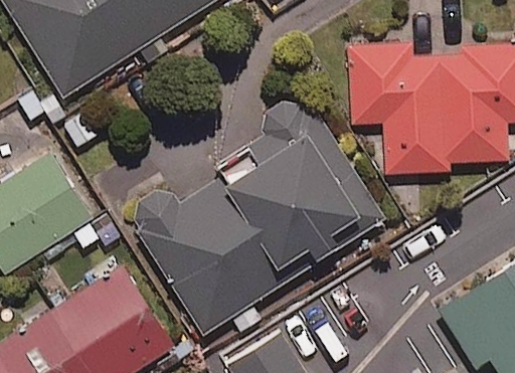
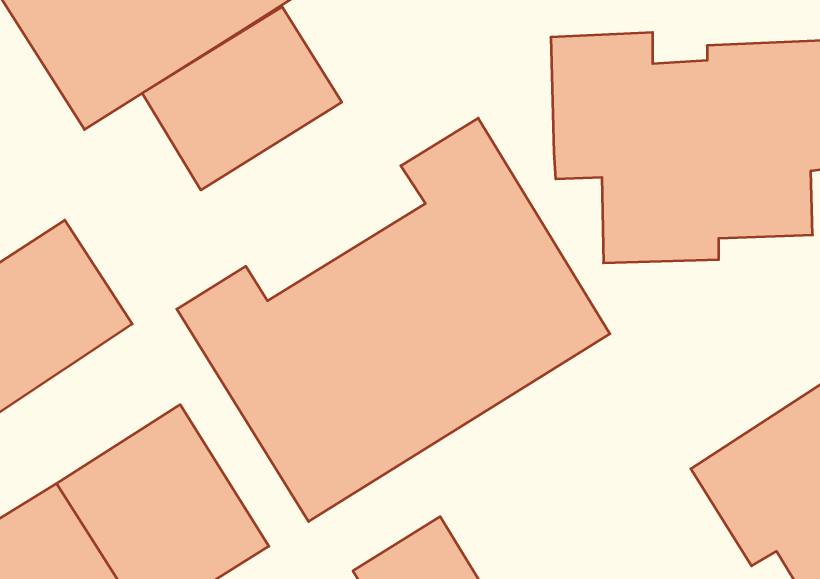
building: none -> [142,7,342,190]

